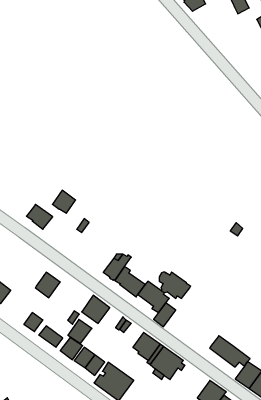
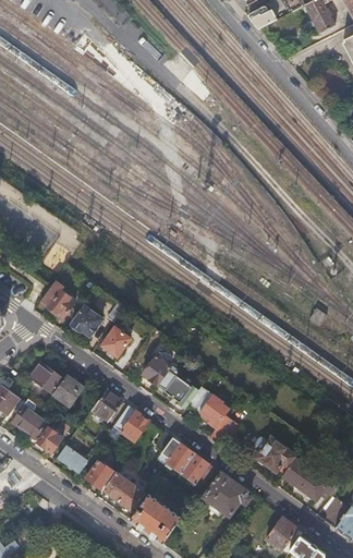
building: [52,190,76,213] -> [70,305,100,336]
building: none -> [99,327,129,356]
building: none -> [29,362,62,392]
building: [159,272,191,298] -> [253,437,294,472]
building: none -> [12,404,48,441]
building: [68,319,92,343] -> [90,388,122,420]
building: none -> [163,442,194,473]

